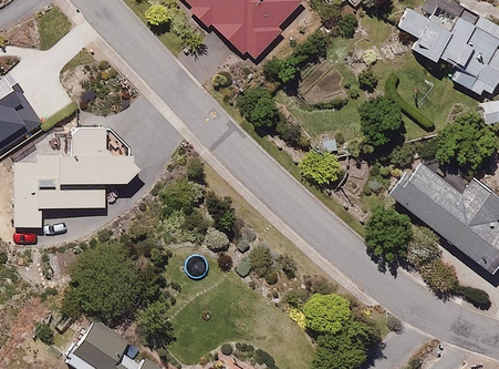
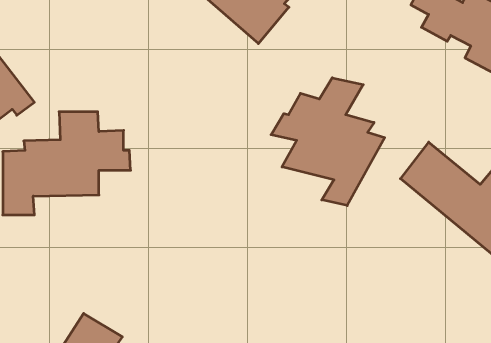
building: none -> [271,78,385,206]

